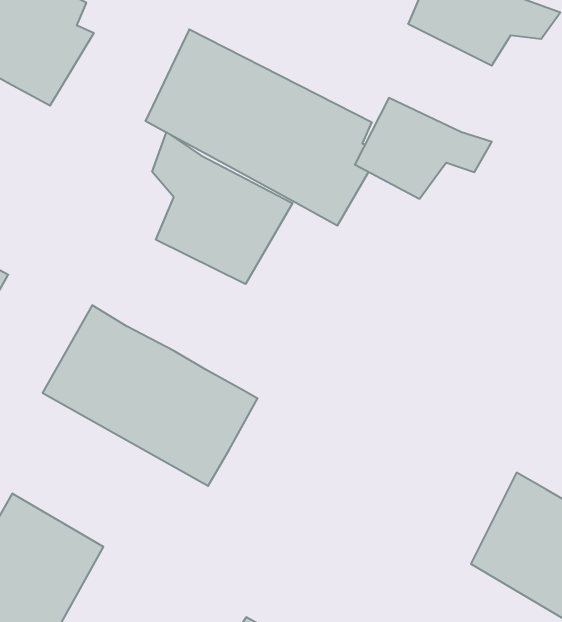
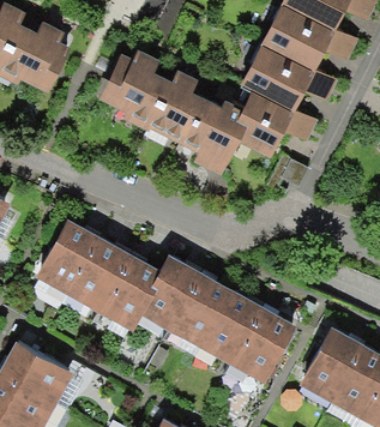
building: none -> [241,43,338,112]
building: [152,132,292,284] -> none
building: none -> [151,255,297,378]

